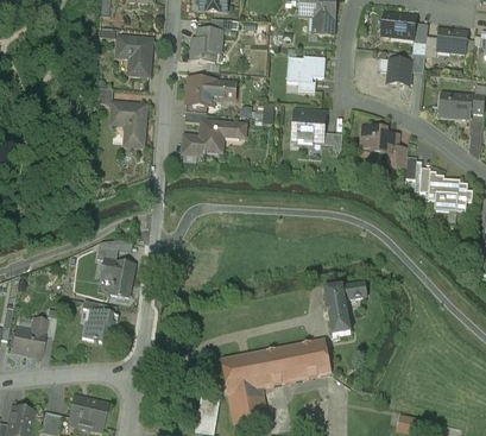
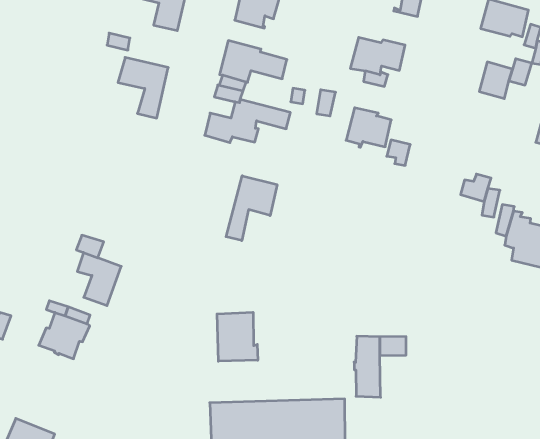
building: [361,126,397,153] -> none
building: none -> [226,176,277,241]
building: none -> [217,312,258,361]

